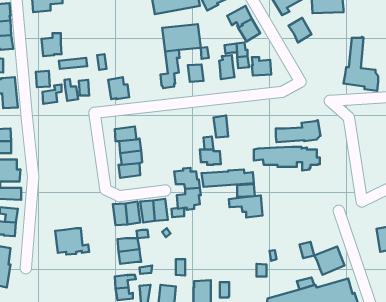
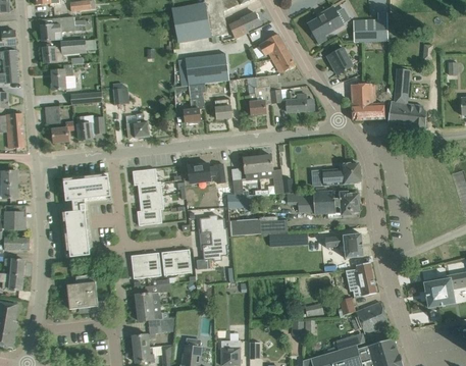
building: none -> [42,40,86,63]
building: none -> [351,84,384,120]
building: none -> [257,155,283,193]
building: none -> [188,163,225,182]
building: none -> [62,174,110,257]
building: [229,195,263,217] -> [325,233,363,258]
building: none -> [345,262,376,298]

